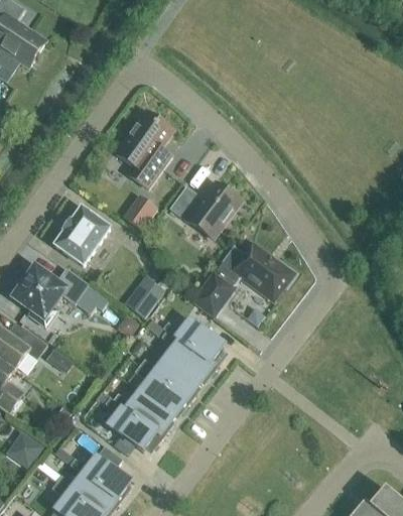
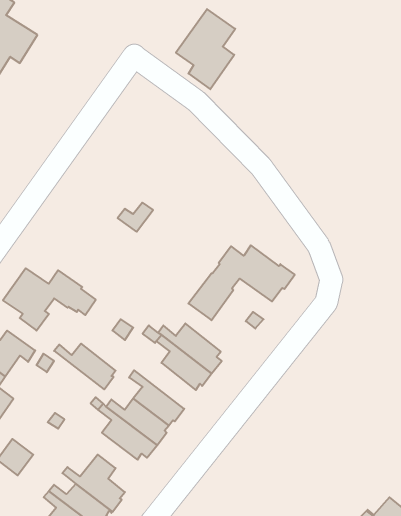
building: [114,110,171,187] -> [176,9,235,89]
building: [168,181,240,238] -> none
building: [53,207,109,264] -> none
building: [128,277,162,315] -> none
building: [138,357,197,401] -> [54,344,116,389]

